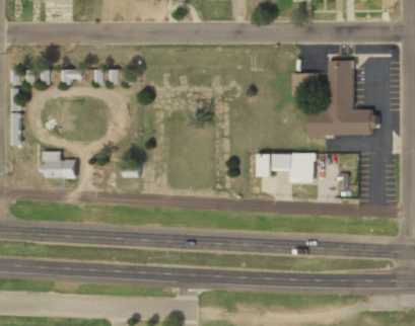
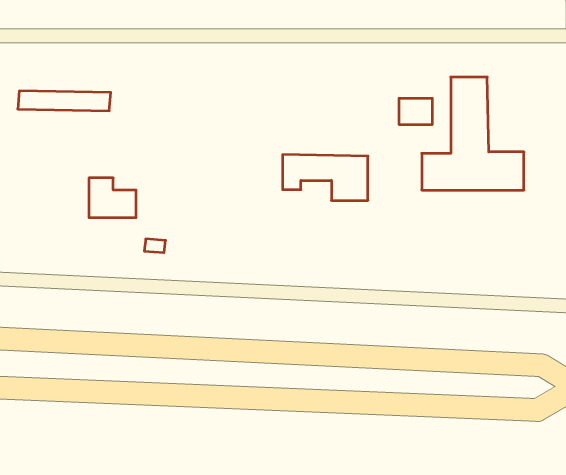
building: [43,152,74,178] -> [89,178,136,218]
building: [257,153,314,183] -> [283,155,368,200]

